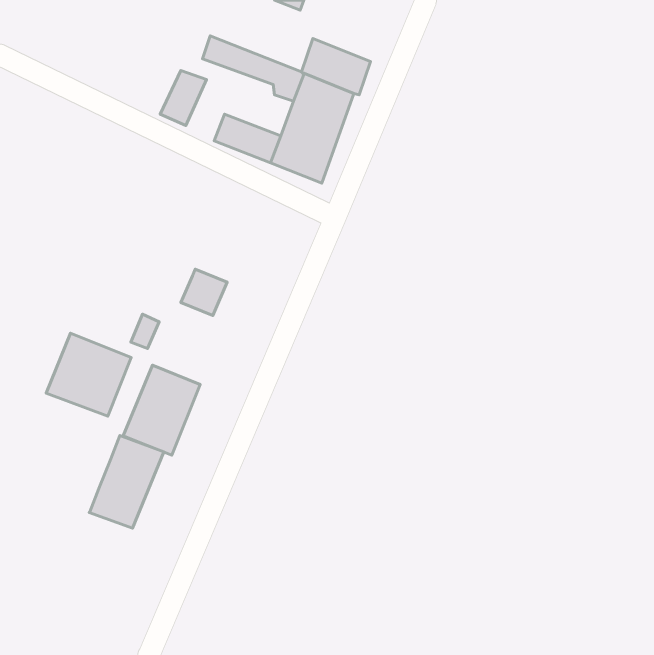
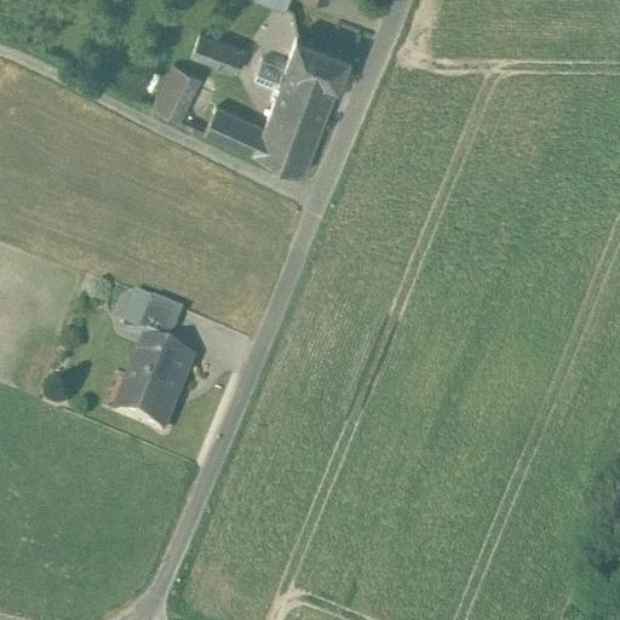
building: [181,269,227,315] -> [140,298,184,341]
building: [46,333,131,416] -> none
building: [89,436,164,528] -> none

